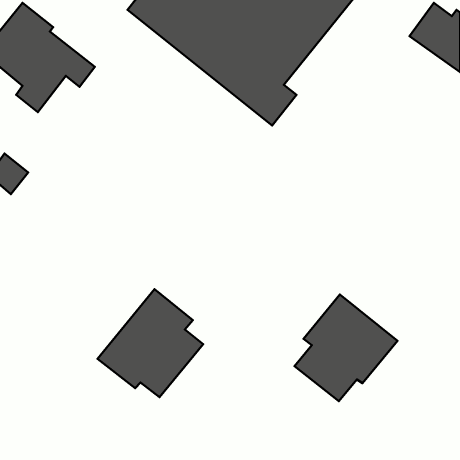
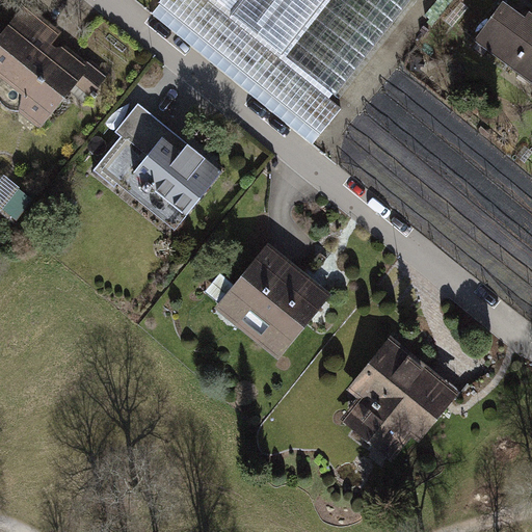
building: none -> [97,102,222,231]
building: none -> [216,244,330,357]
building: [98,289,203,397] -> none

